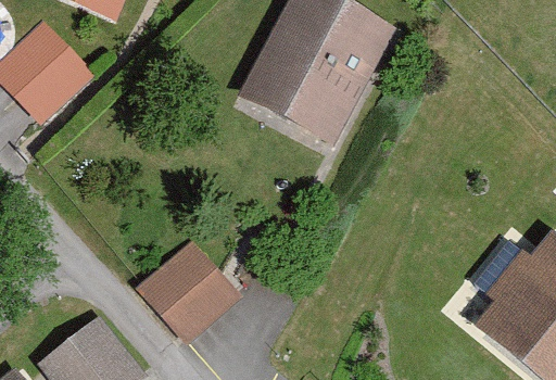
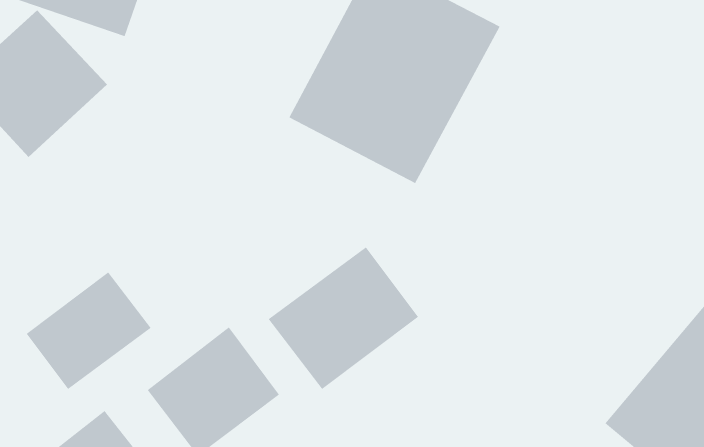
building: none -> [268,247,419,390]
building: none -> [26,272,152,390]

